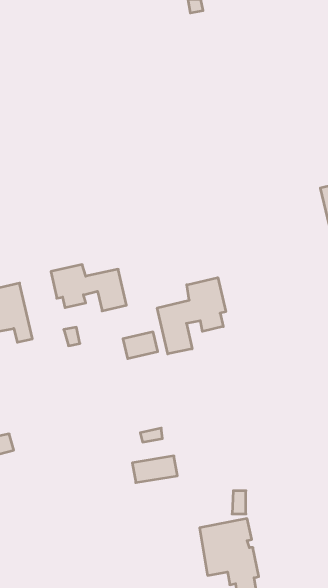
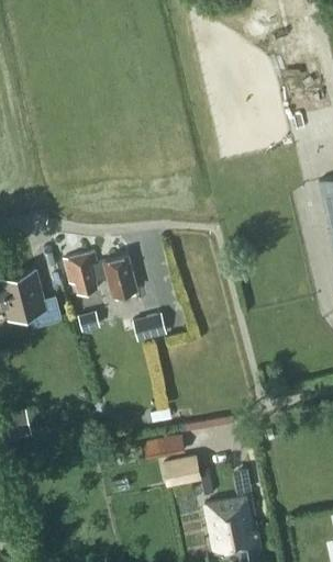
building: [157,278,226,354] -> none
building: none -> [167,454,202,480]

